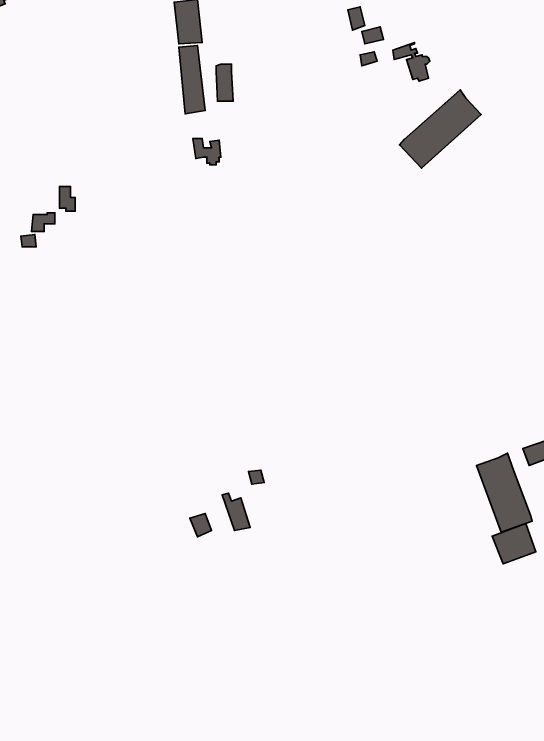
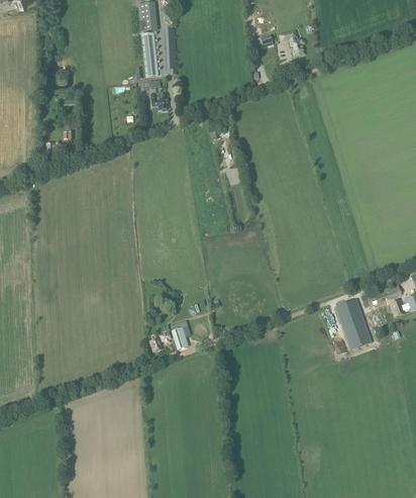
building: [399,90,481,168] -> none
building: [492,524,536,564] -> none

